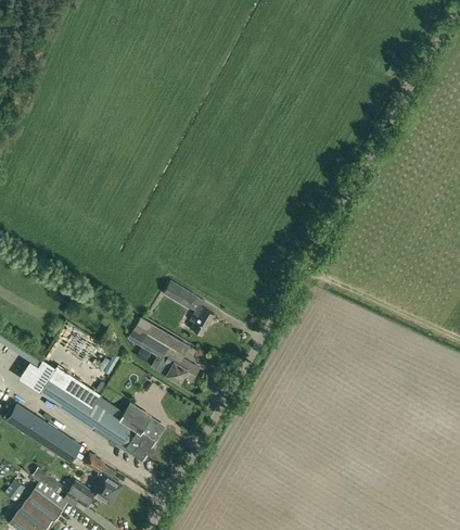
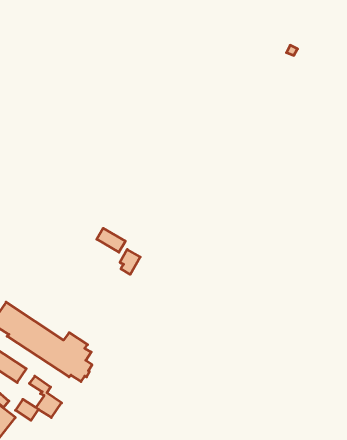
building: [133,317,200,381] -> none

